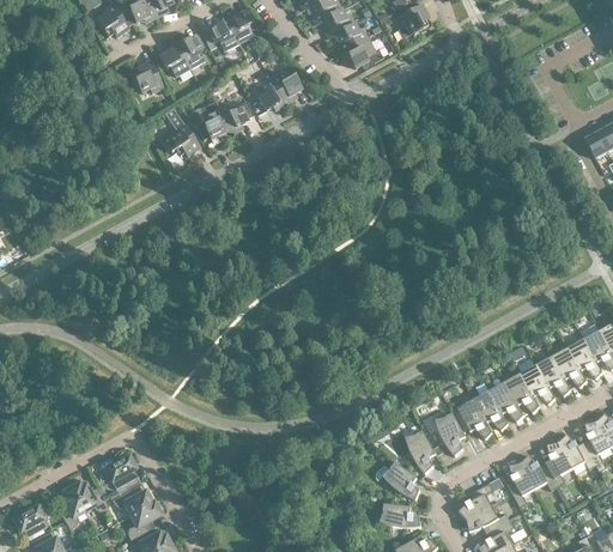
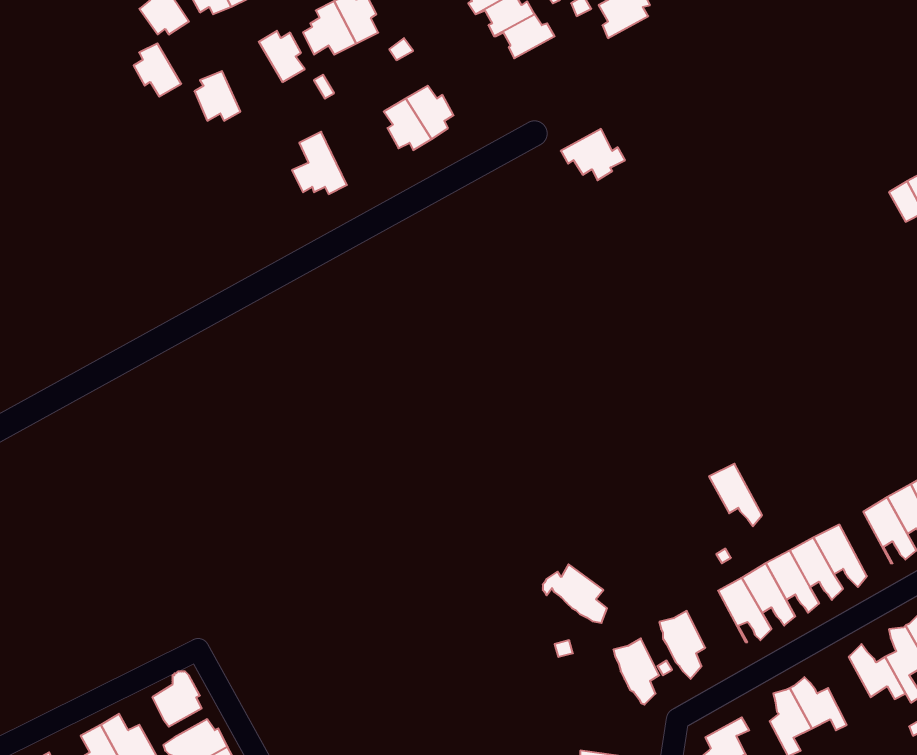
building: [340,36,382,69] -> [561,129,625,180]
building: [158,40,189,74] -> [134,43,181,97]
building: [214,92,253,133] -> none
building: [159,105,199,153] -> none
building: [552,346,585,388] -> none
building: [456,398,491,438] -> [709,464,762,526]
building: [545,441,572,485] -> none
building: [377,460,419,498] -> [543,564,607,623]

